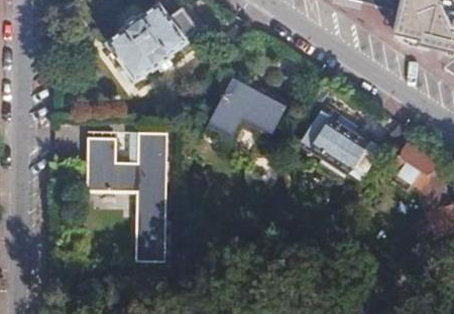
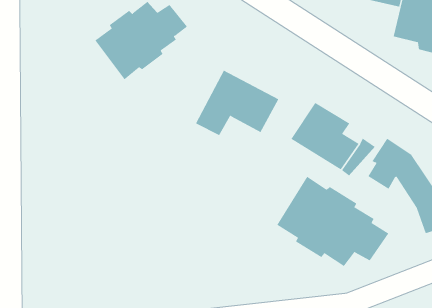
building: [86,131,167,259] -> none
building: none -> [277,176,389,267]

